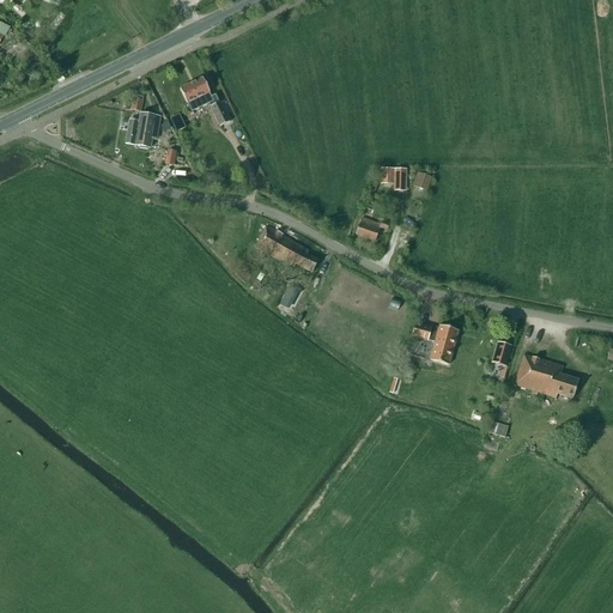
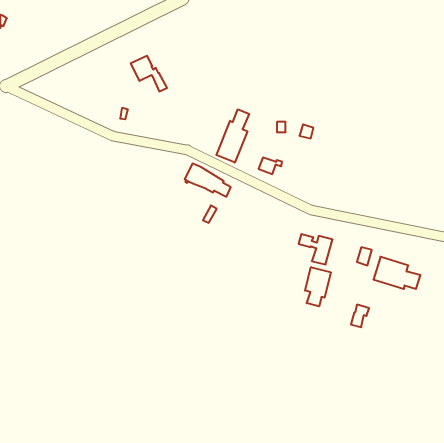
building: [127,114,158,148] -> none
building: none -> [216,109,249,163]
building: none -> [305,267,331,306]

